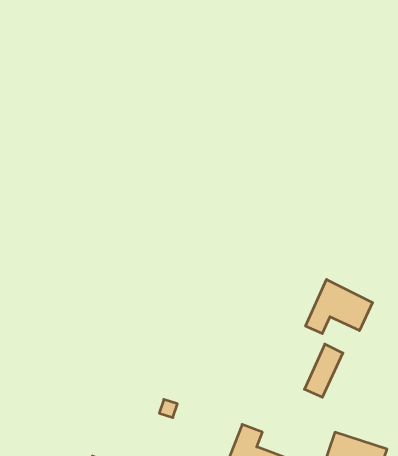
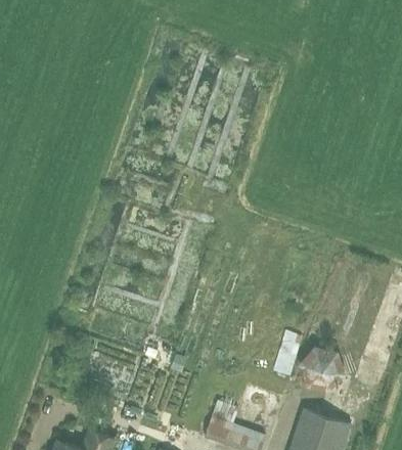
building: [306,279,373,334] -> none
building: none -> [311,354,347,384]

